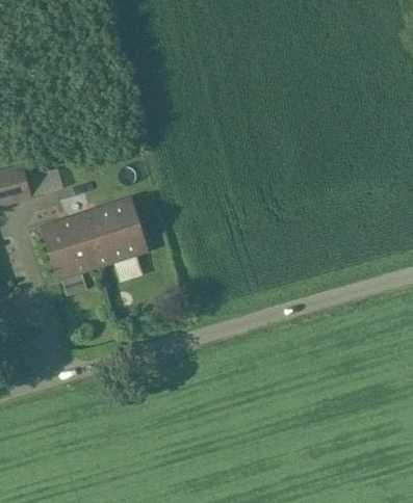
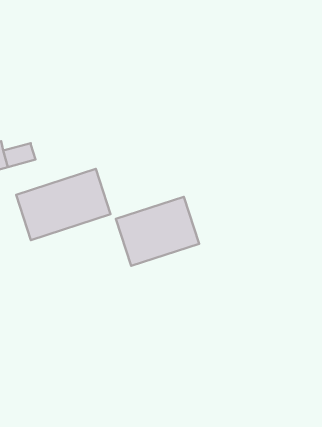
building: none -> [116,197,199,266]

